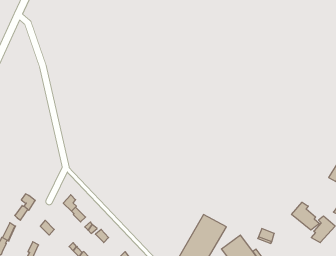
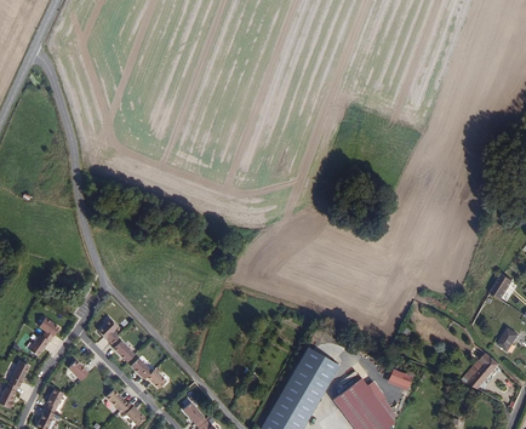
building: [292,202,320,230] -> none

